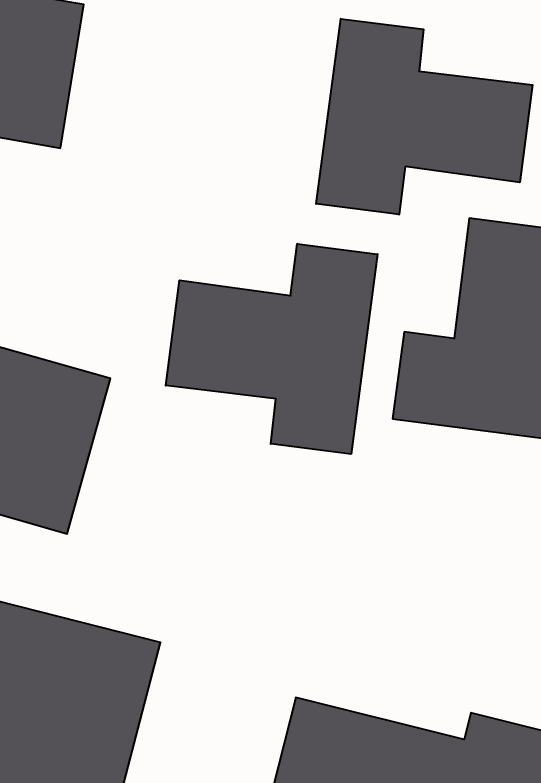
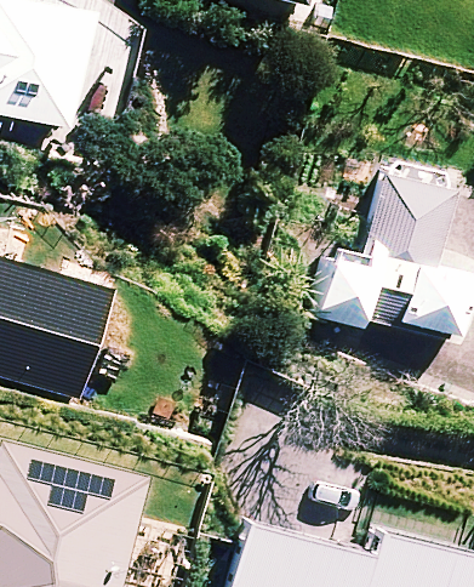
building: [316,19,533,215] -> none
building: [166,244,378,454] -> none

